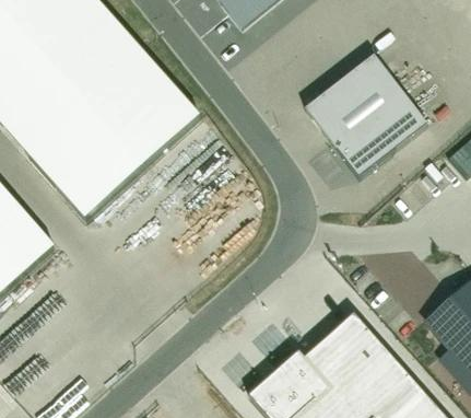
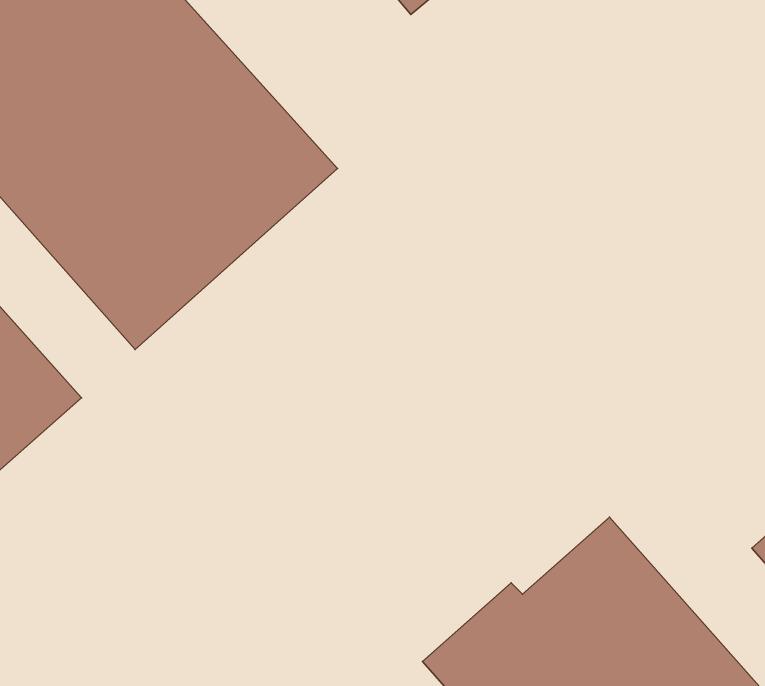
building: [305,54,427,175] -> none

